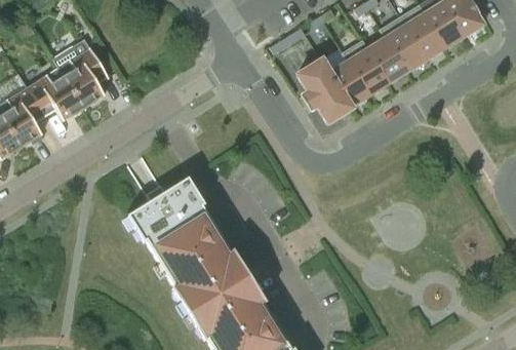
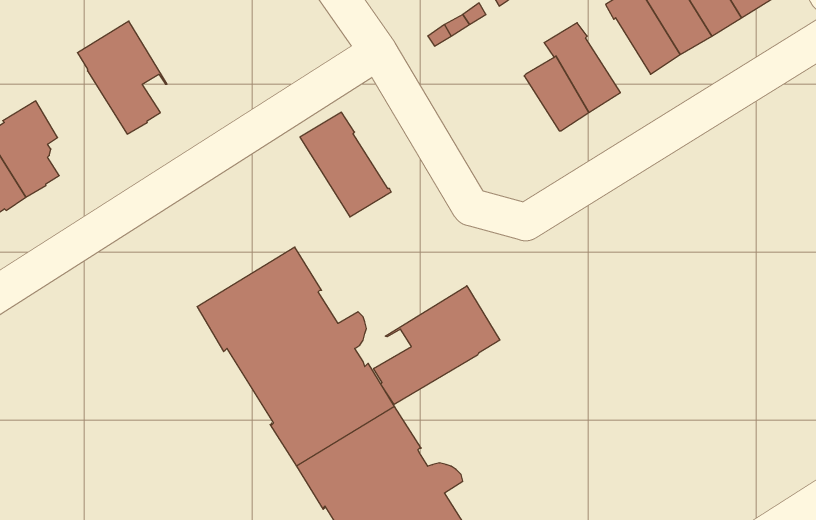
building: [367,36,407,82] -> none
building: [296,59,353,123] -> [300,112,391,217]
building: [28,69,84,120] -> none
building: none -> [374,286,500,405]

